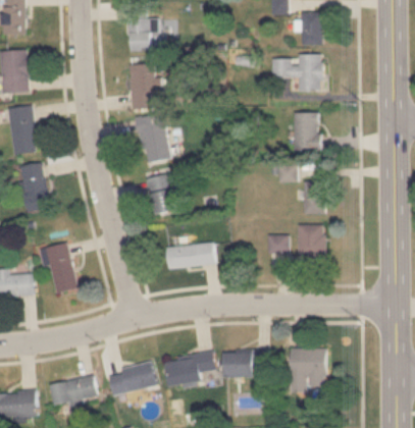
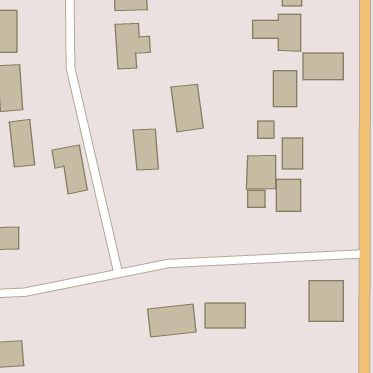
building: none -> [303,53,343,80]
building: [137,114,170,163] -> [171,84,203,132]
building: none -> [246,155,275,189]
building: [38,243,74,292] -> [52,145,88,194]
building: [165,244,213,268] -> none
building: [289,349,324,390] -> [309,281,344,321]
building: [107,362,153,394] -> none
building: [49,375,96,407] -> none

